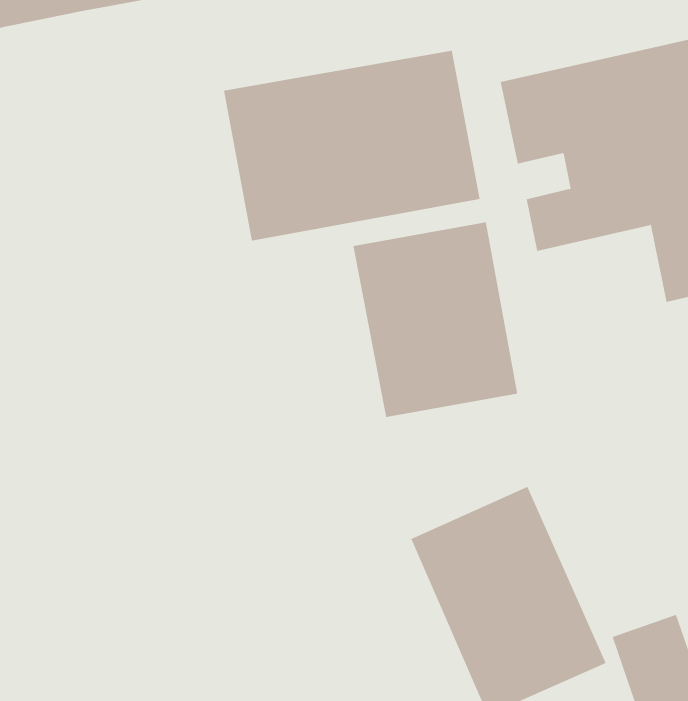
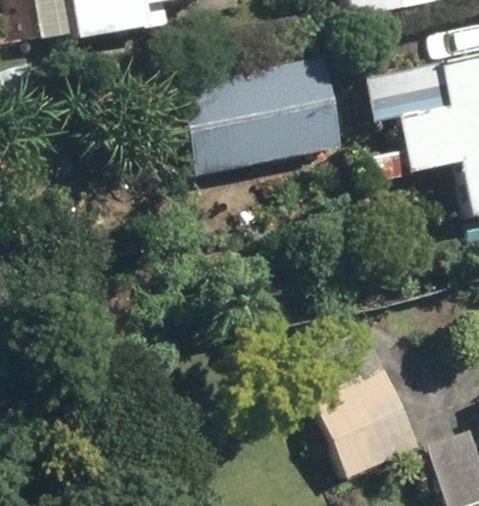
building: [353,221,518,418] -> none

